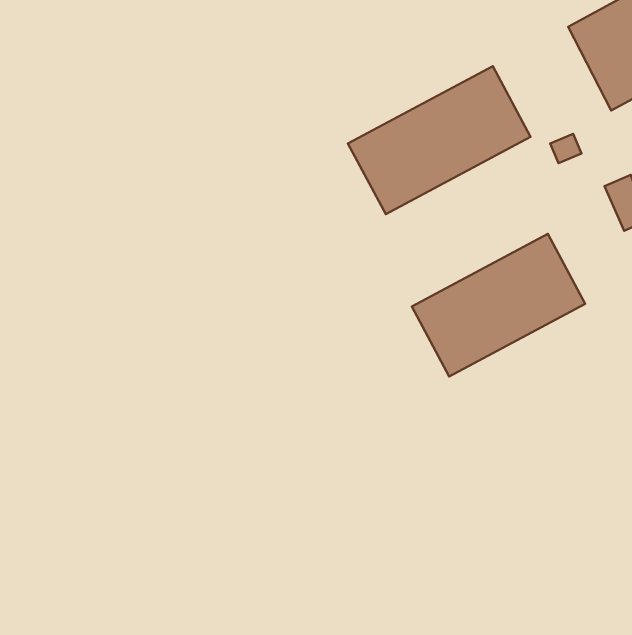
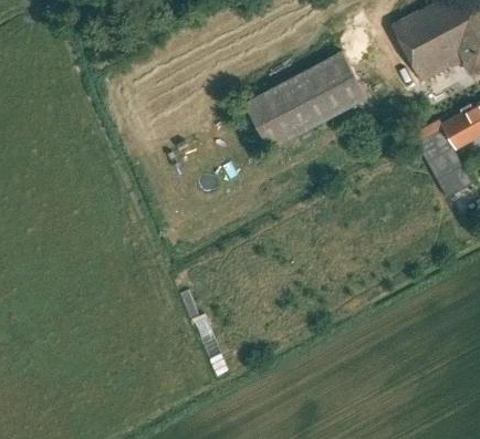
building: [412,234,585,376] -> none

